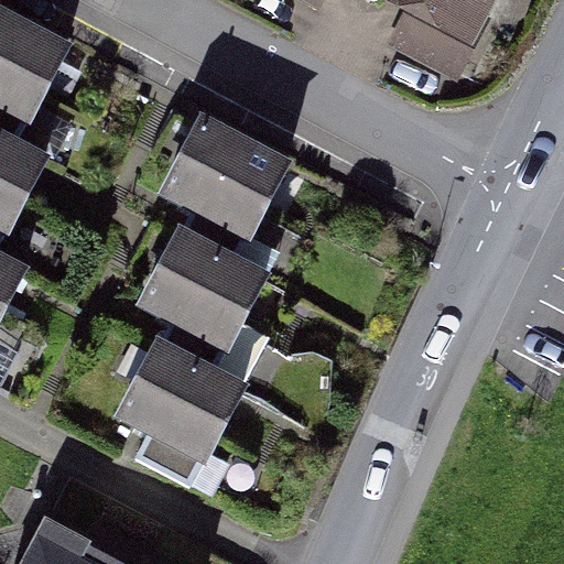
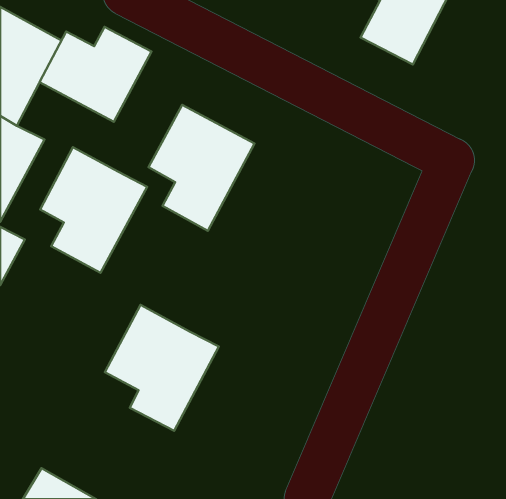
building: none -> [40,27,151,122]
building: [144,229,263,369] -> [40,147,147,273]

